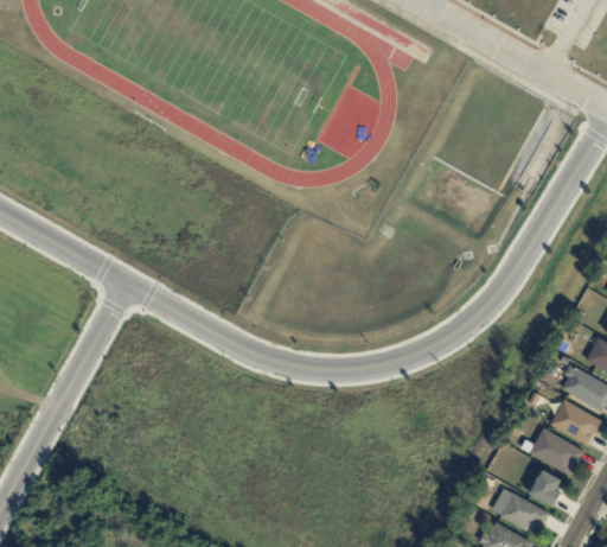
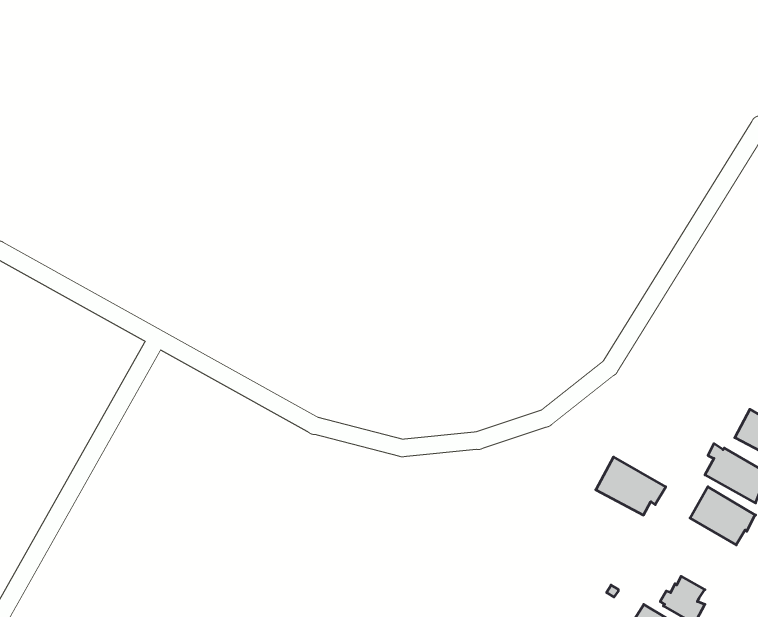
building: [529,427,584,473] -> [596,457,666,515]

